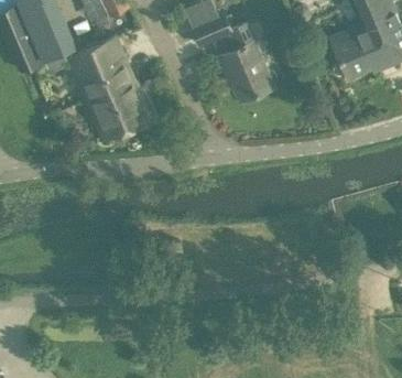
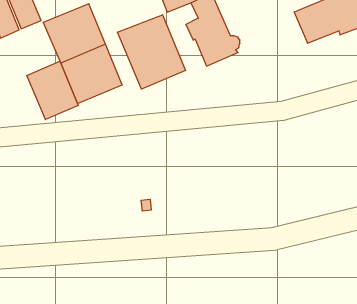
building: none -> [118,15,185,89]
building: none -> [27,61,78,120]

